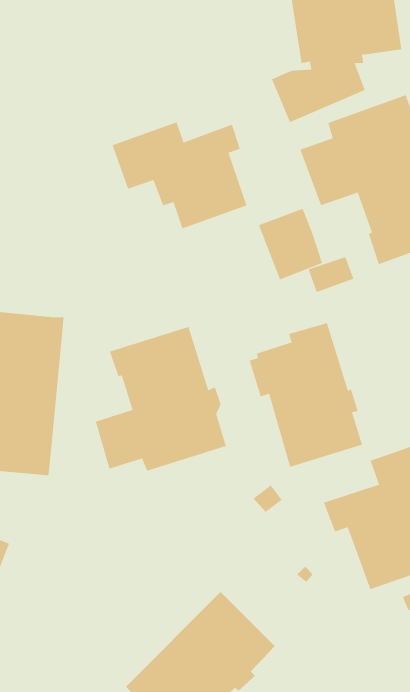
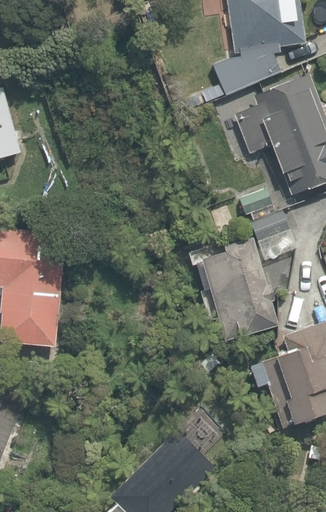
building: [112,121,247,229] -> none
building: [258,208,323,280] -> [250,211,296,262]
building: [95,326,227,472] -> none

